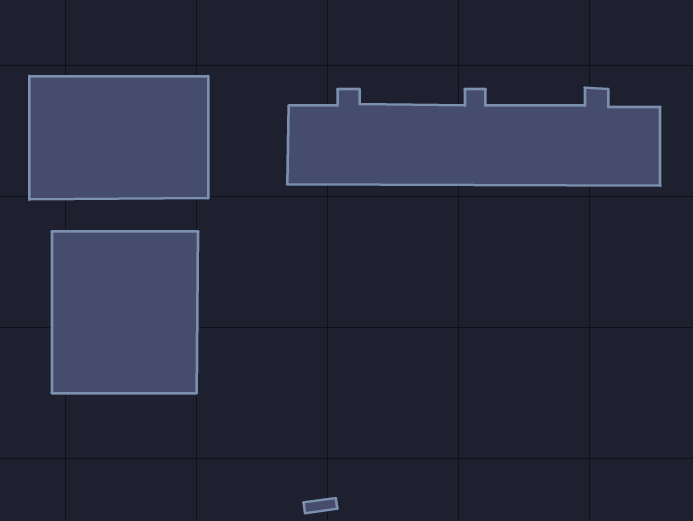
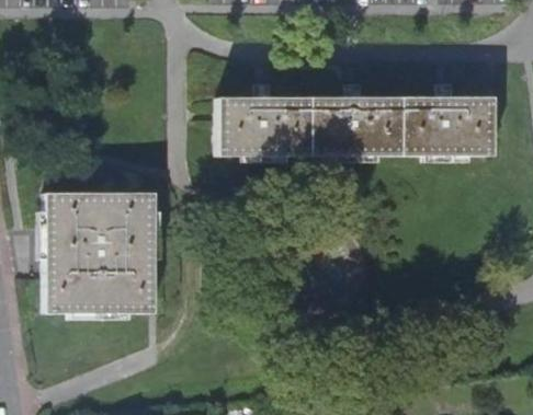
building: [29,76,208,200] -> none

